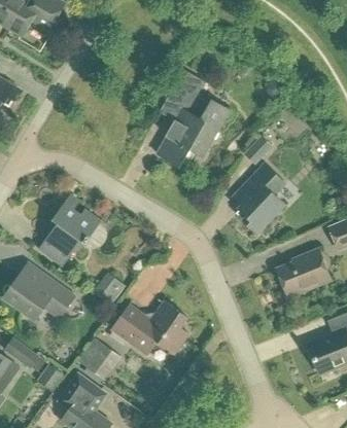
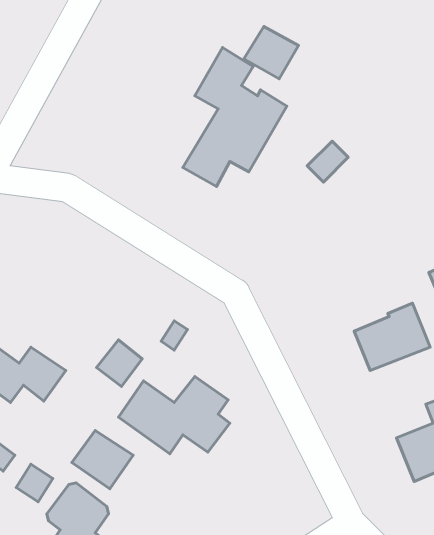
building: none -> [244,27,298,79]
building: [237,165,284,231] -> none
building: [38,203,102,265] -> none

